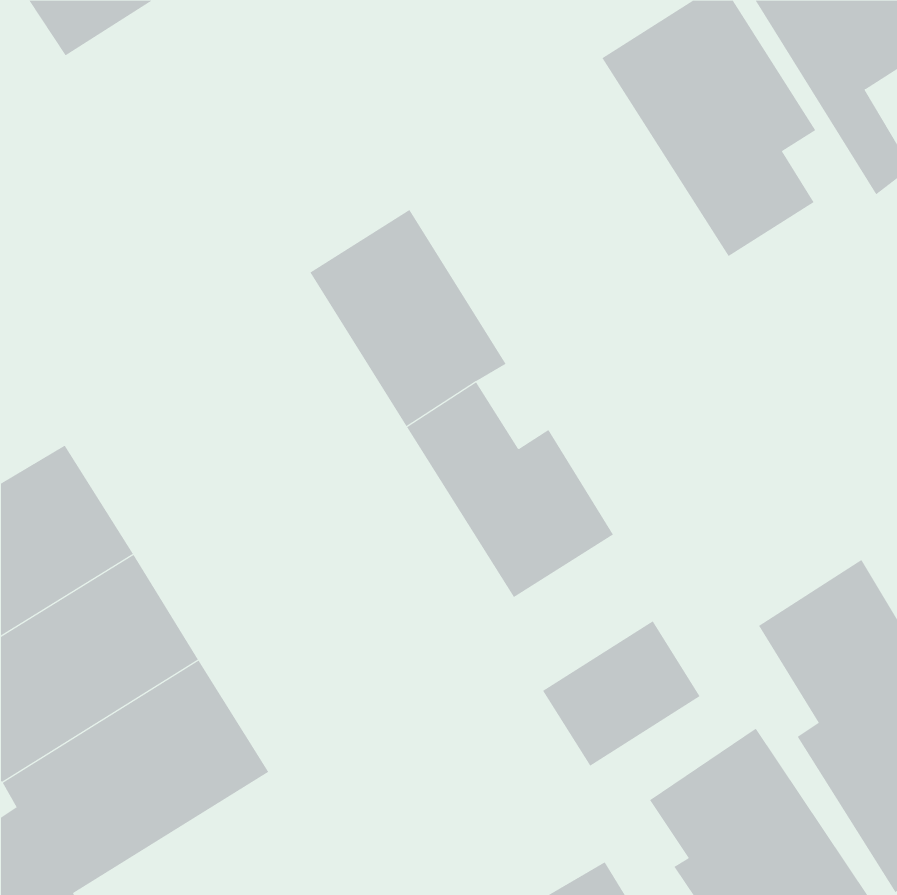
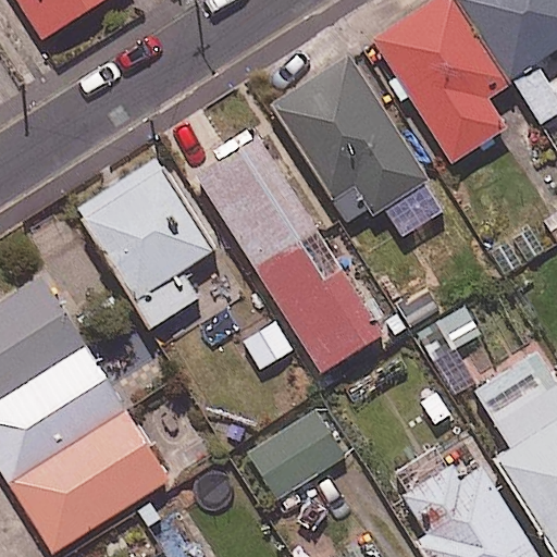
building: none -> [273,57,428,227]
building: none -> [77,157,213,326]
building: [542,621,701,766] -> [247,409,345,499]

